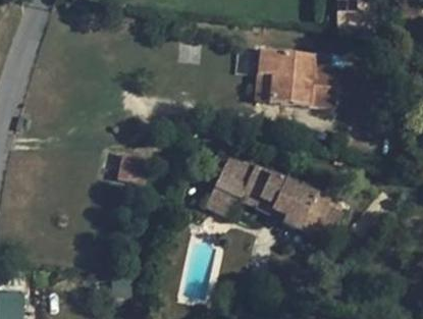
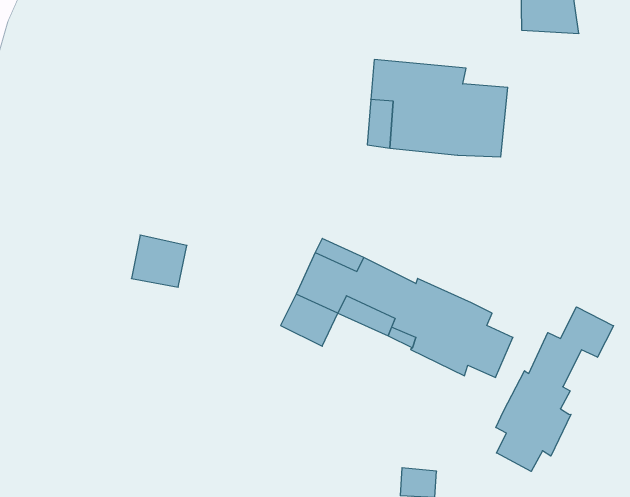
building: none -> [496,307,614,471]

